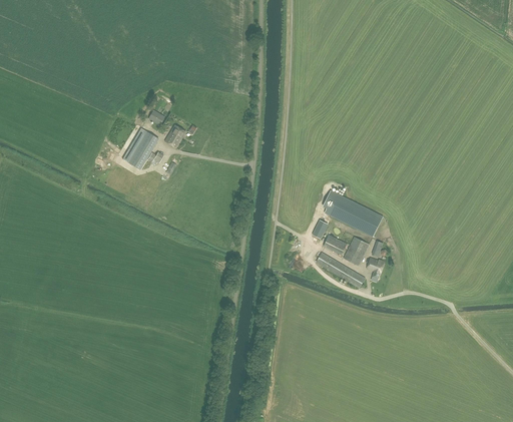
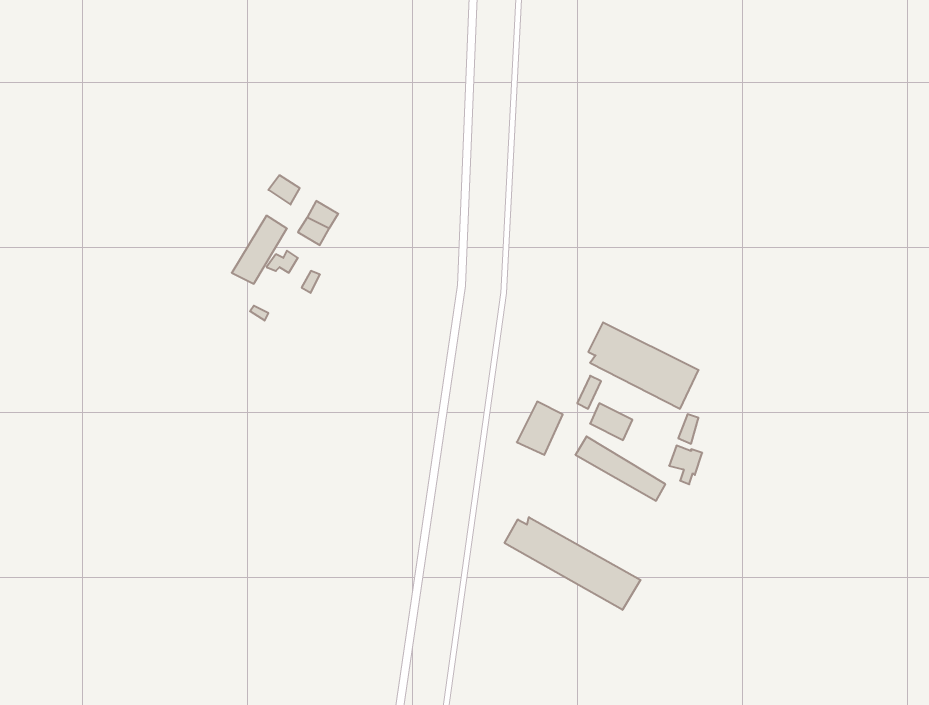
building: [343,235,368,264] -> [517,402,563,455]
building: none -> [505,517,641,610]

